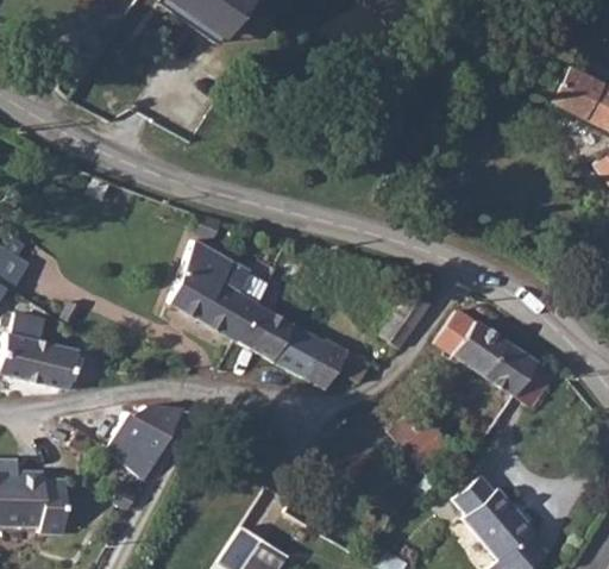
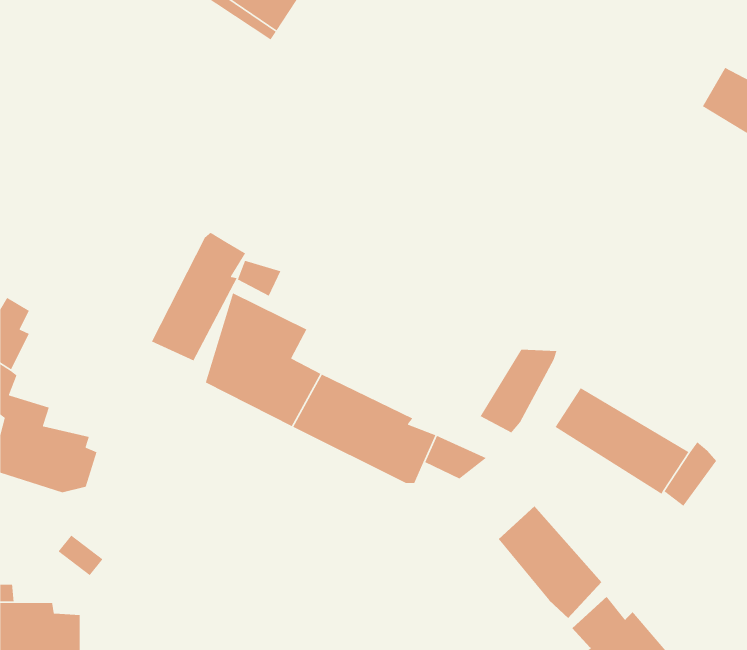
building: none -> [151,232,246,362]
building: [100,409,183,477] -> none

